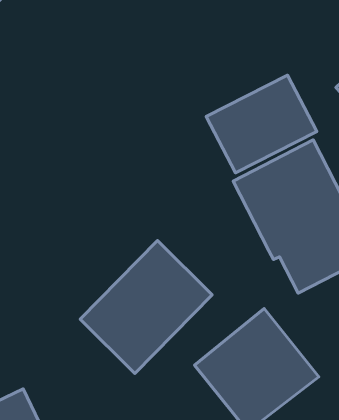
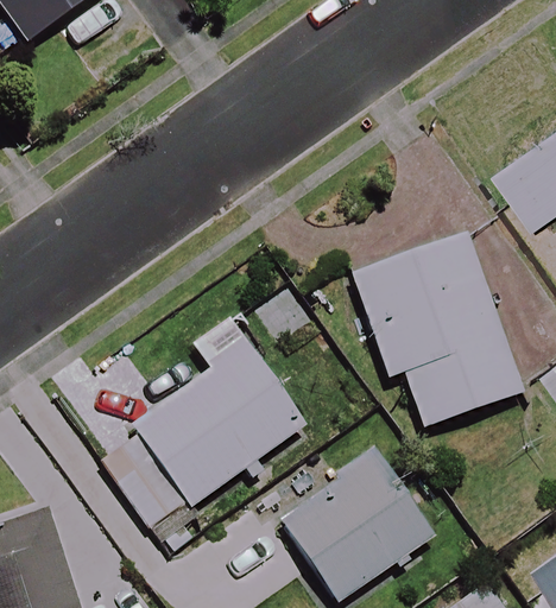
building: [206,75,317,173] -> none

